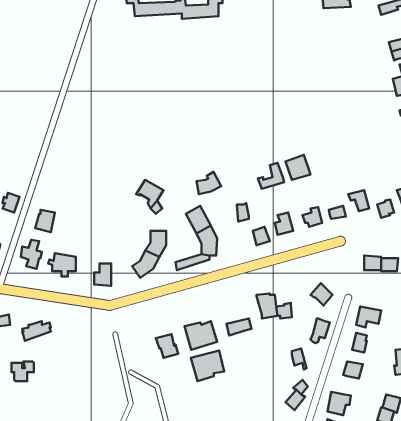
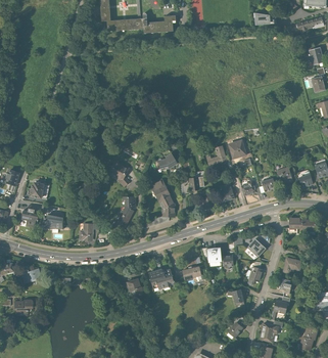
building: [191,351,224,381] -> none

